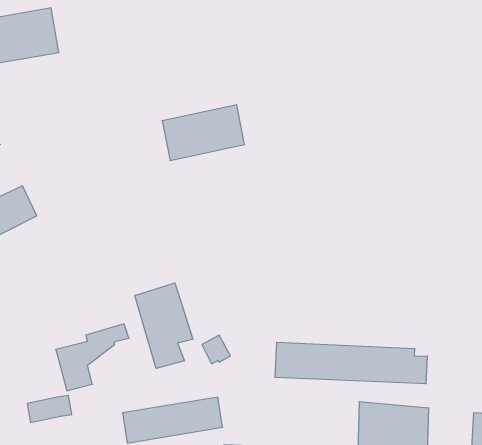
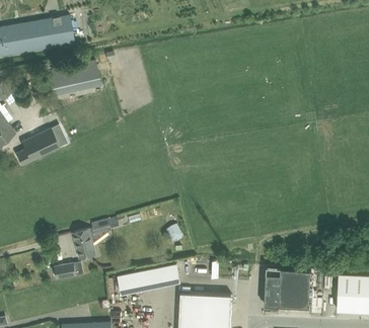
building: [162,105,245,160] -> [47,60,99,95]
building: [135,283,193,368] -> none
building: [275,342,427,384] -> none

